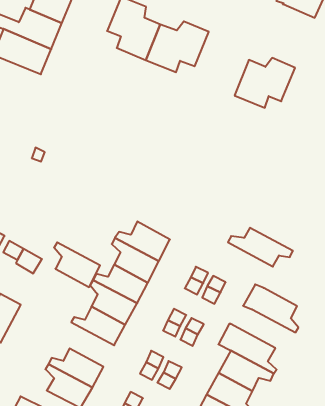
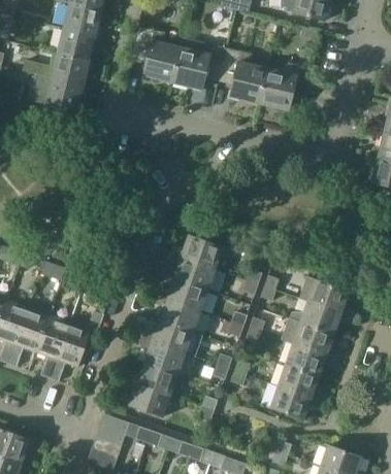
building: none -> [220,49,269,105]
building: [228,228,293,267] -> [289,302,351,335]
building: [54,242,100,287] -> [138,339,184,376]

